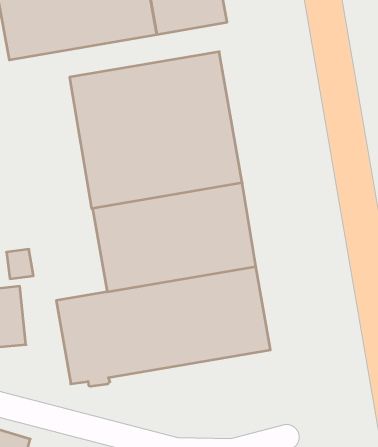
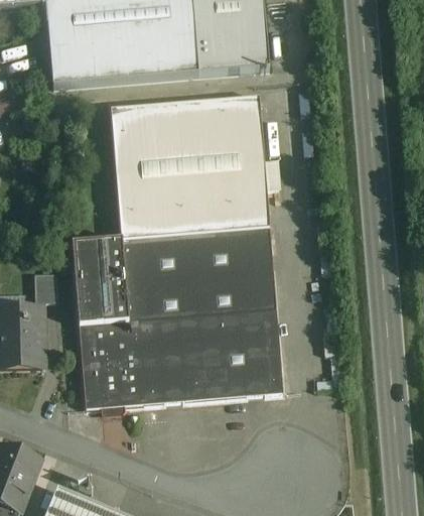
building: none -> [73,239,129,326]

